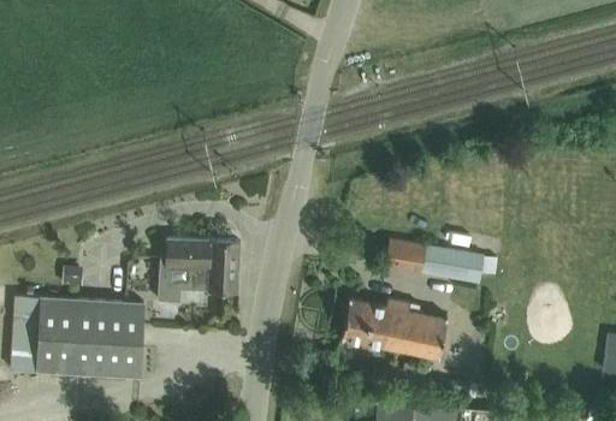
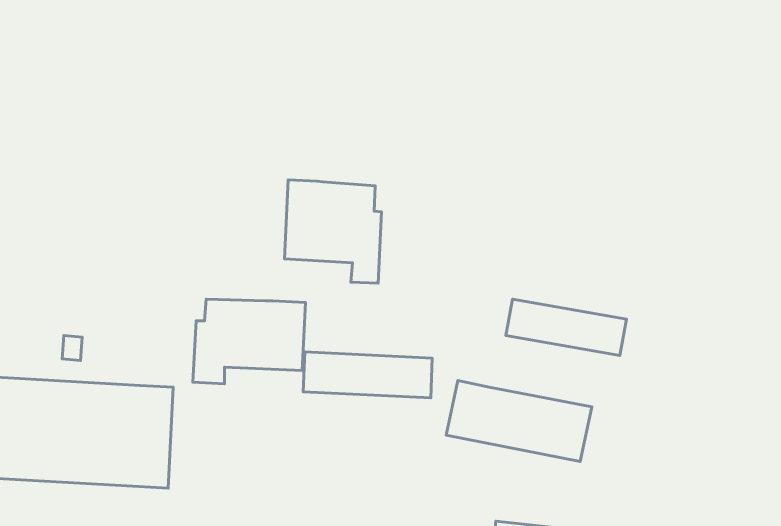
building: none -> [284,180,382,283]
building: none -> [303,352,432,398]

